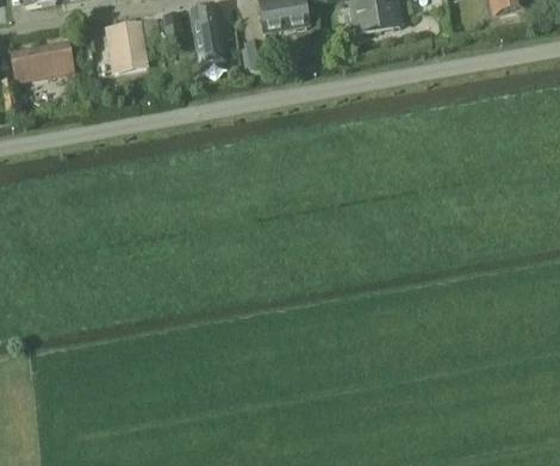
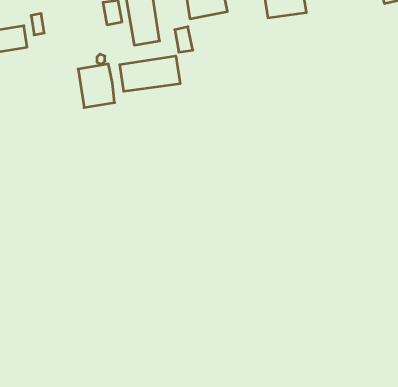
building: [105,19,148,70] -> [78,64,115,108]
building: none -> [120,56,180,91]

